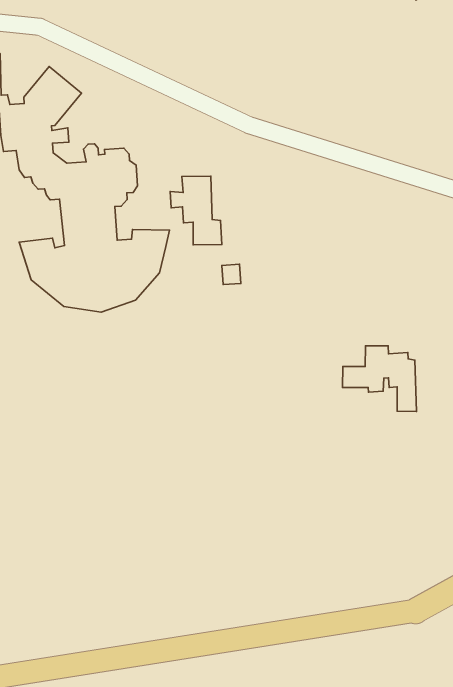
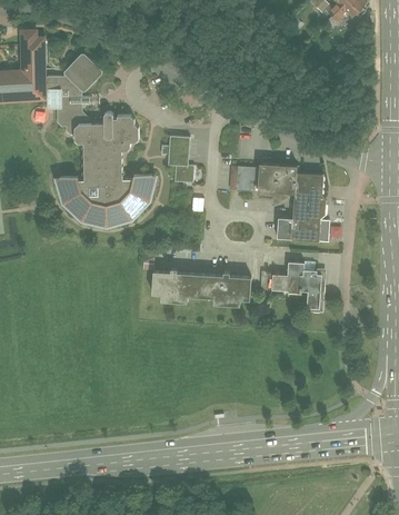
building: none -> [228,161,326,245]
building: none -> [150,265,250,307]

